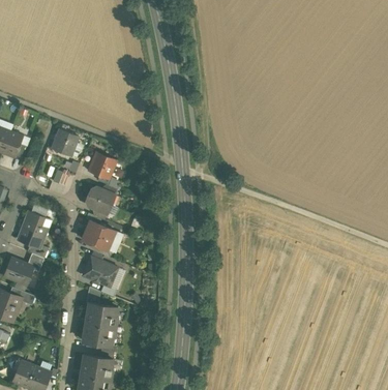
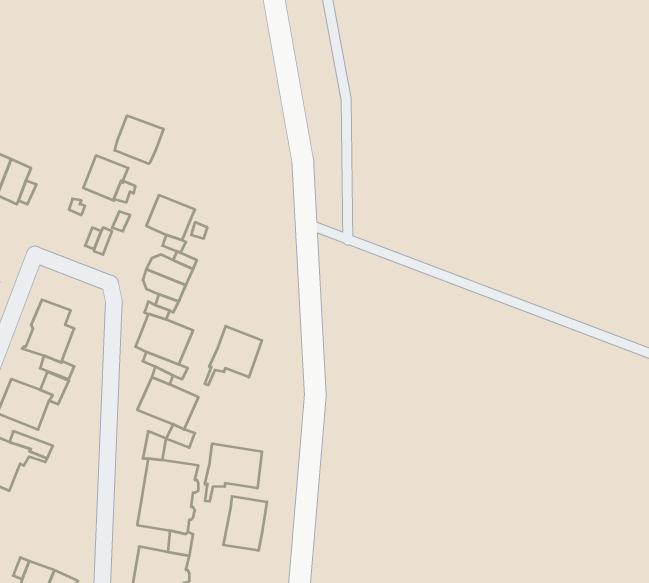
building: none -> [115,116,163,164]
building: none -> [205,326,262,385]
building: none -> [205,444,262,501]
building: none -> [223,496,267,551]

